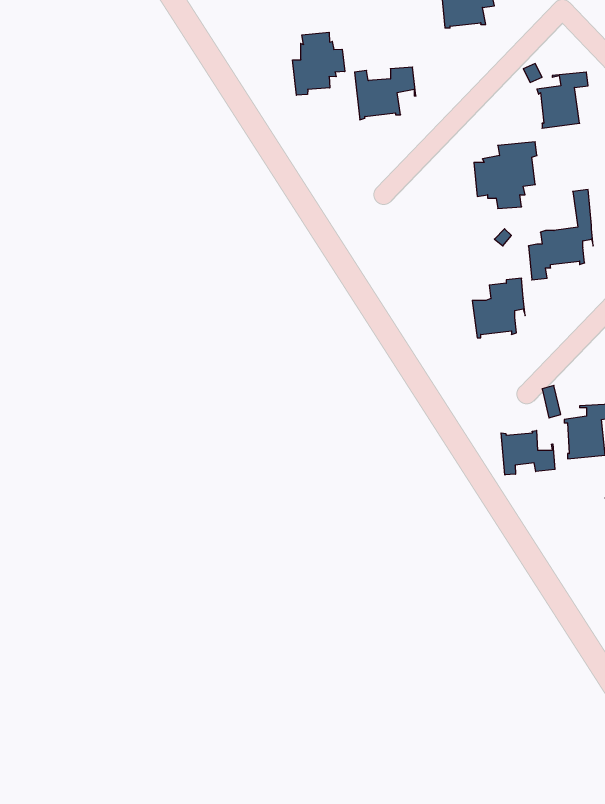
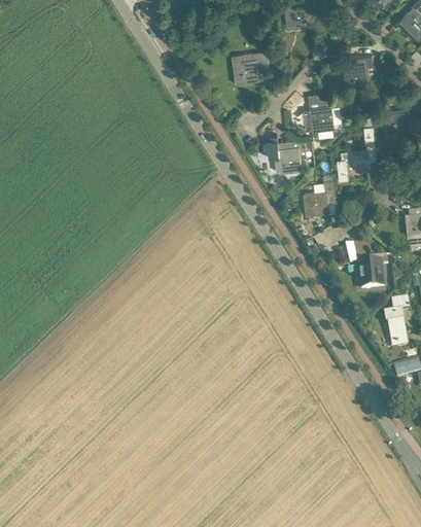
building: [293,32,345,95] -> none
building: none -> [264,133,312,171]
building: [501,430,555,475] -> none

